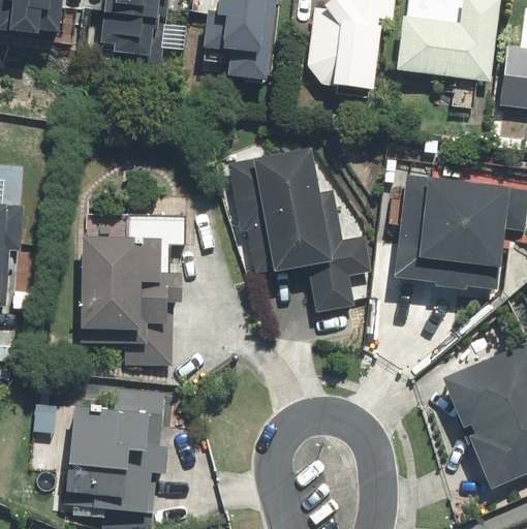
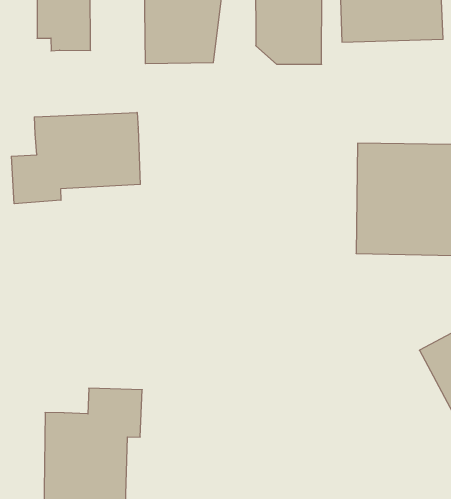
building: none -> [11,112,140,204]
building: [248,148,363,311] -> none
building: [78,212,189,365] -> none

